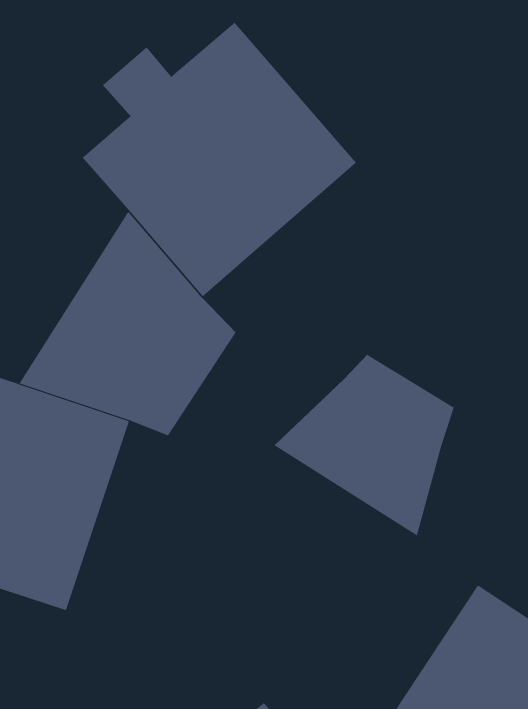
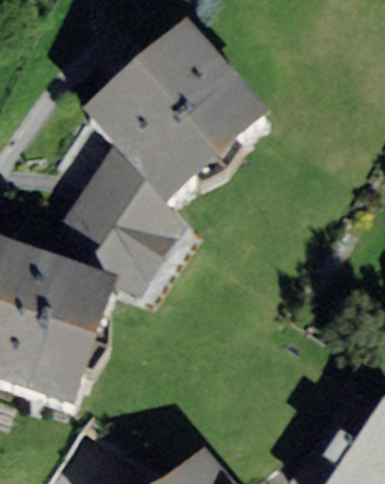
building: [274,354,455,537] -> none

